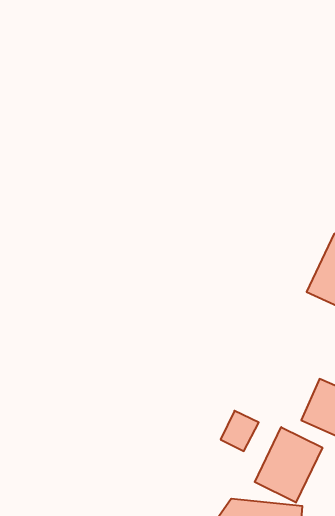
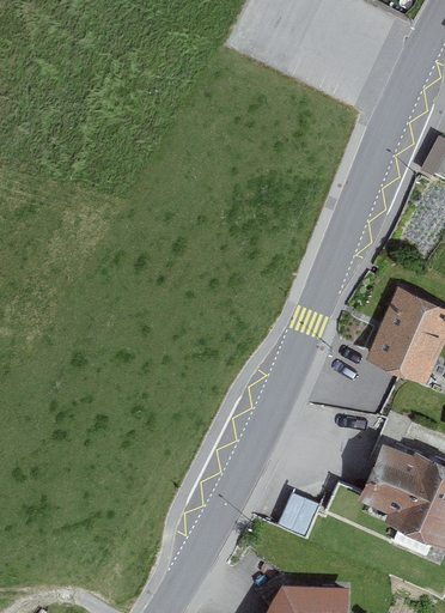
building: [255,427,322,503] -> none

